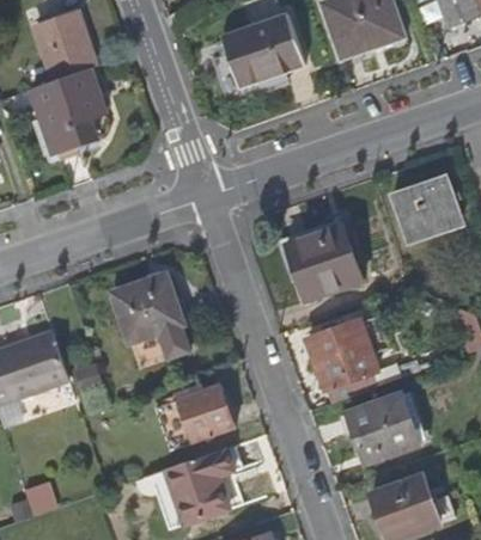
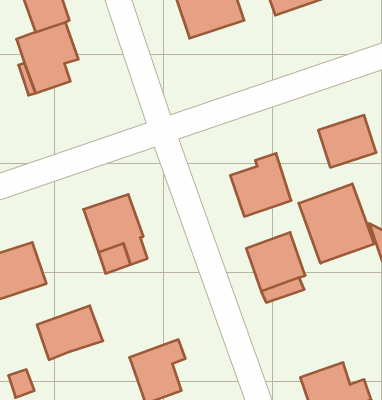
building: none -> [299,184,374,263]
building: [156,383,235,448] -> [37,306,103,360]
building: [347,392,419,461] -> none

